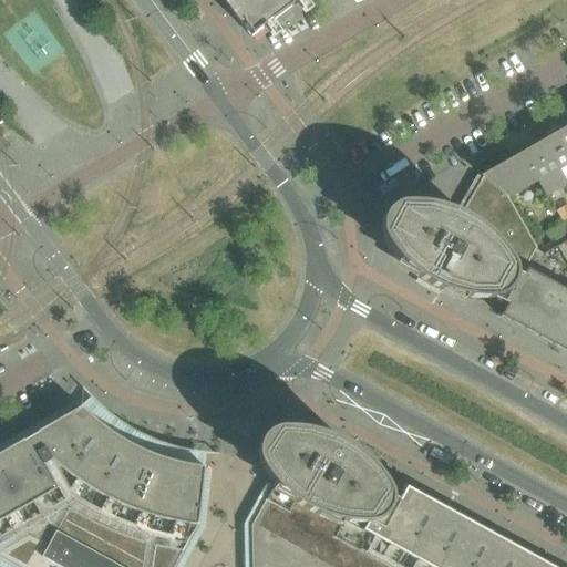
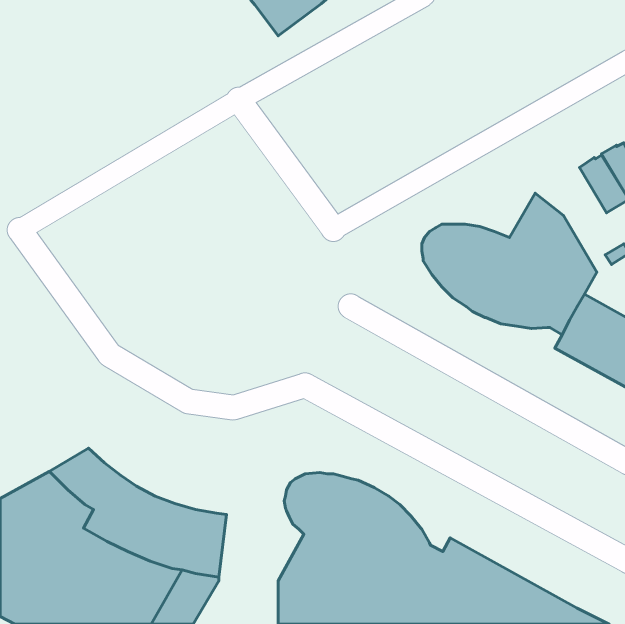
building: [485,151,549,194] -> none

